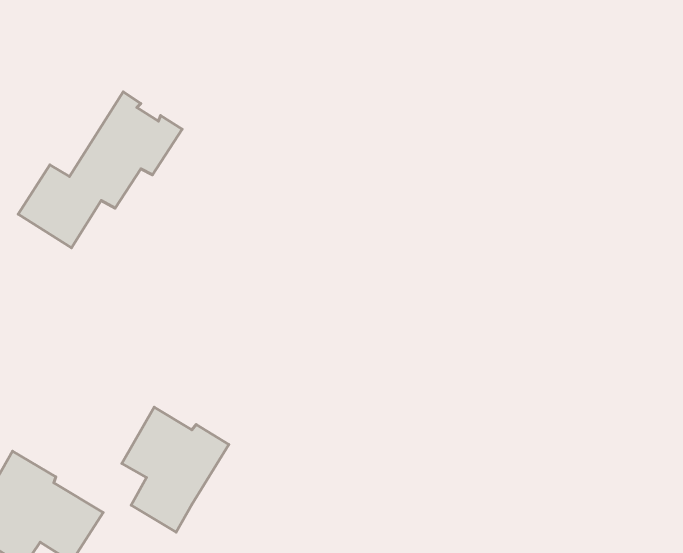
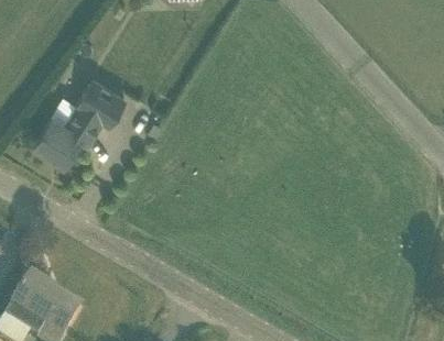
building: [122,407,229,532] -> none

